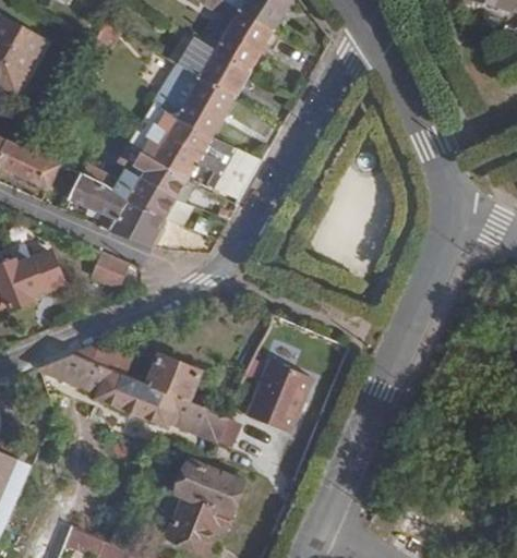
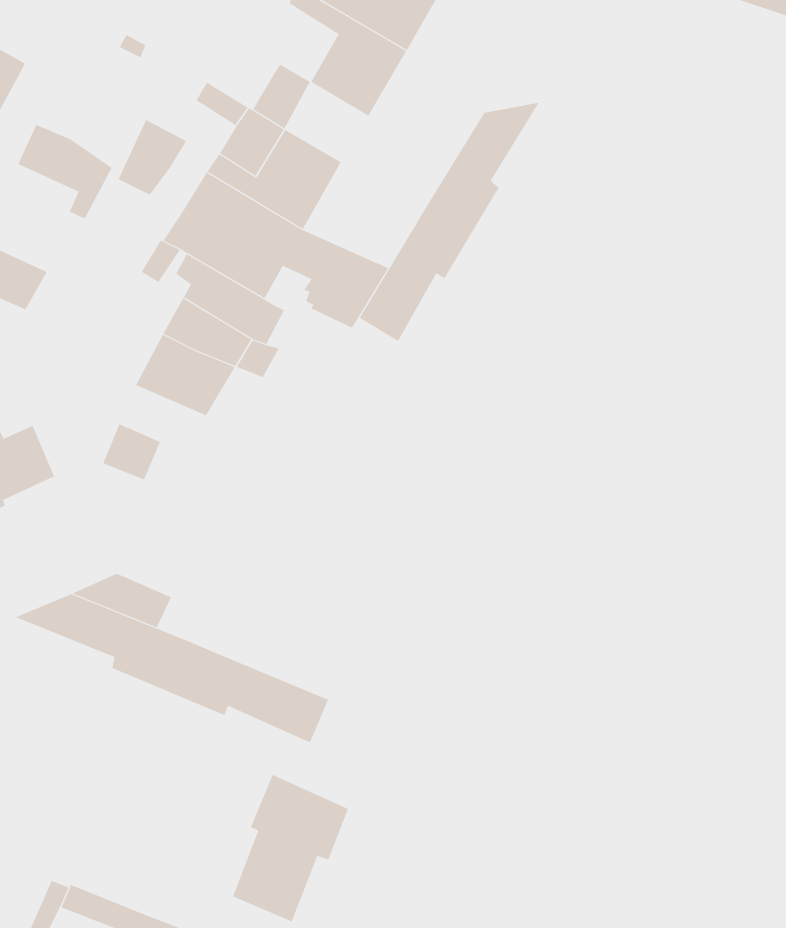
building: [200,49,250,97] -> none
building: none -> [359,102,540,342]
building: none -> [118,119,187,195]
building: [70,173,127,230] -> [18,124,113,219]
building: [142,356,200,402] -> none
building: [244,360,310,434] -> none

